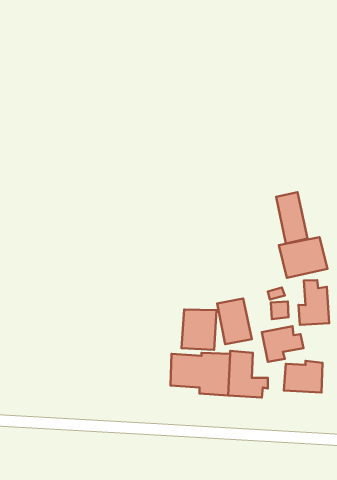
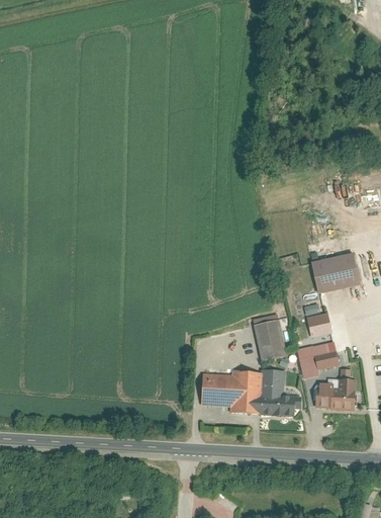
building: [276,192,308,244] -> none
building: [298,280,329,325] -> none
building: [181,310,217,350] -> none

